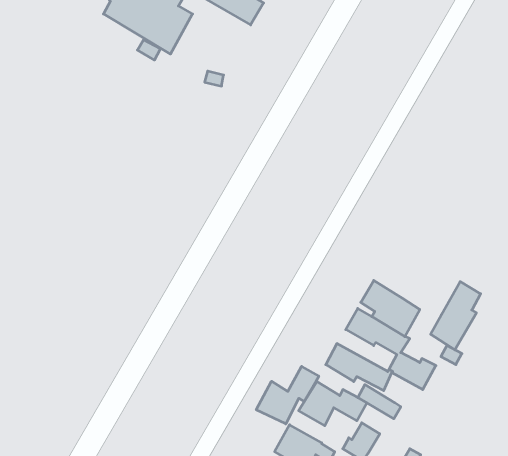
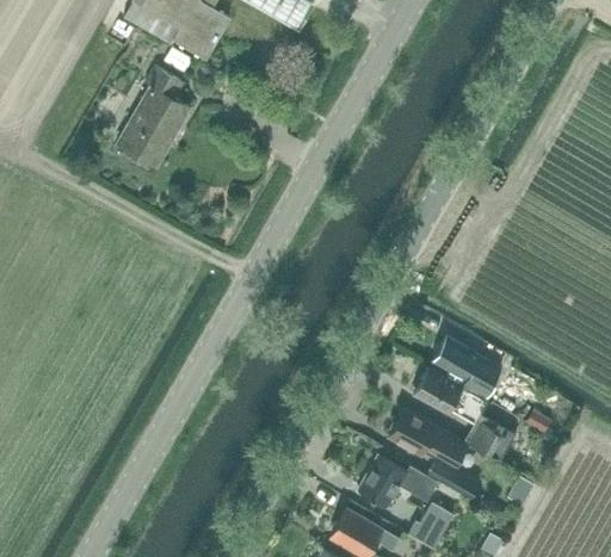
building: none -> [116,64,190,162]
building: [431,282,481,350] -> none
building: [256,366,319,424] -> none

